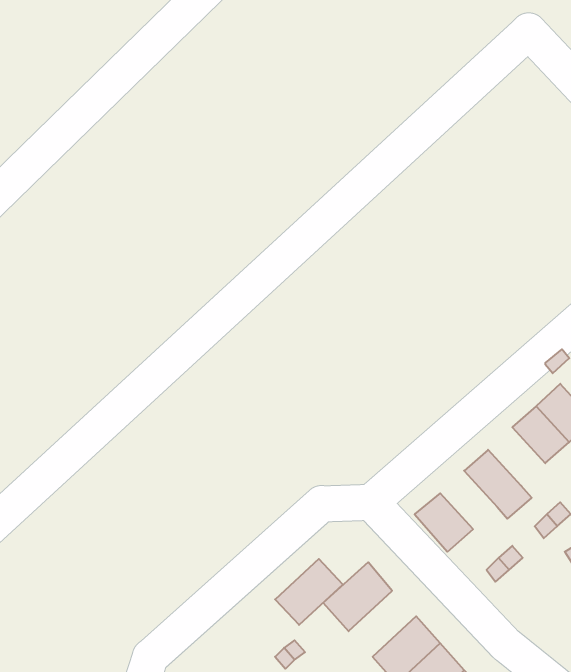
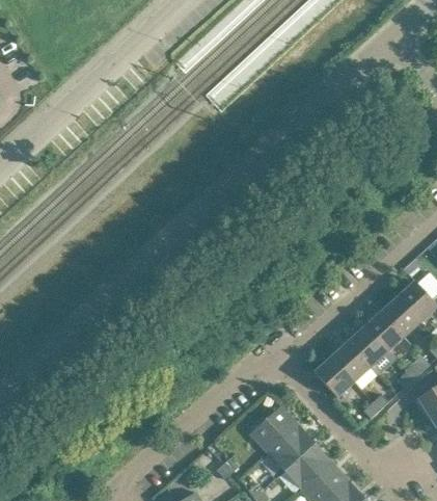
building: none -> [364,312,404,352]
building: none -> [331,342,371,383]
building: [275,559,343,625] -> [268,425,315,471]

